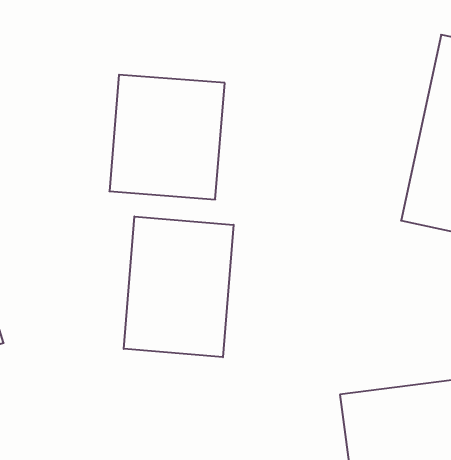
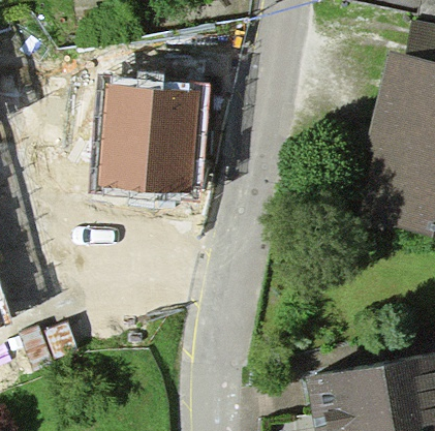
building: [124,216,234,357] -> none

